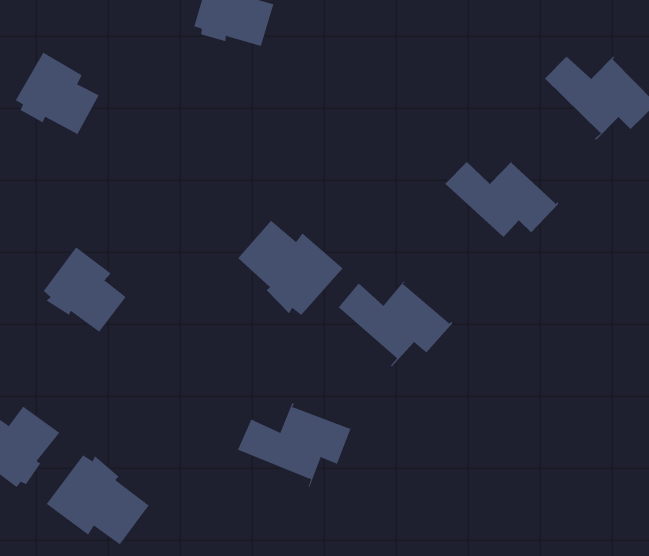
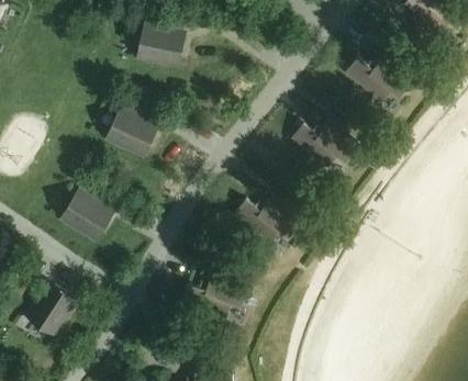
building: [15,52,100,135] -> [107,108,156,155]
building: [238,220,343,316] -> none
building: [46,454,149,545] -> none

